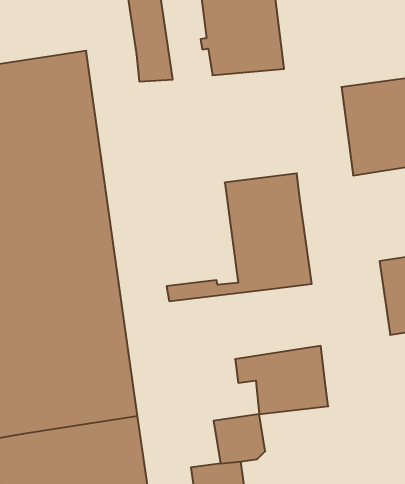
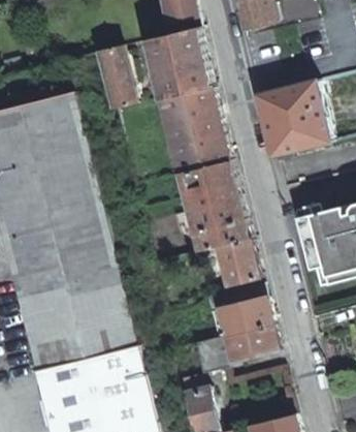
building: none -> [163,88,231,176]
building: none -> [221,239,260,284]
building: none -> [224,325,279,362]

